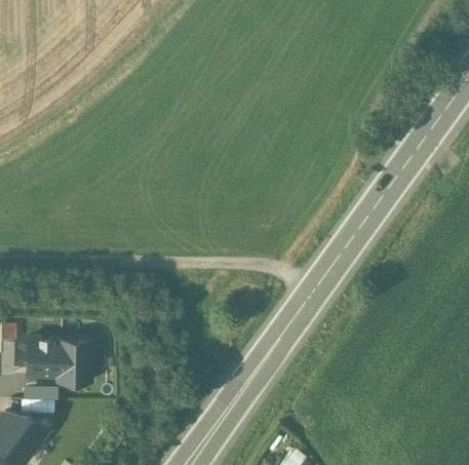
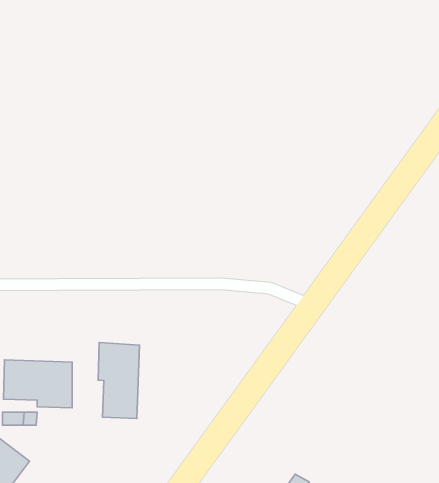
building: none -> [98,342,139,419]

